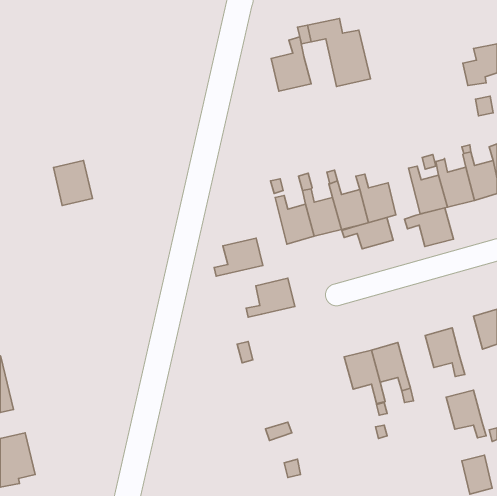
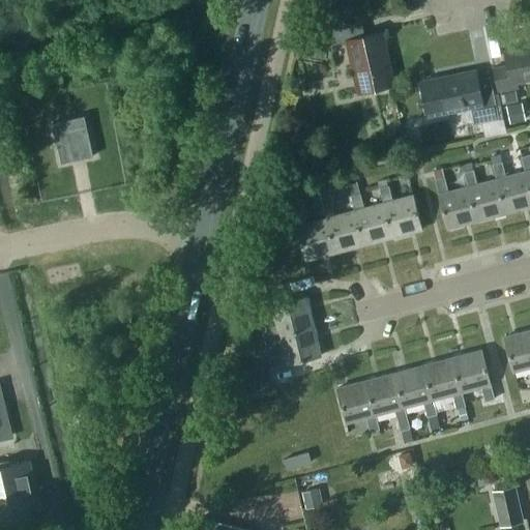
building: [271,37,311,91] -> none
building: none -> [420,71,498,124]
building: [53,161,92,205] -> [52,116,93,164]
building: [405,208,453,247] -> none
building: [342,218,393,249] -> none
building: [214,238,263,276] -> [269,327,321,367]
building: none -> [336,381,379,432]
building: [446,390,486,438] -> [423,358,466,409]

